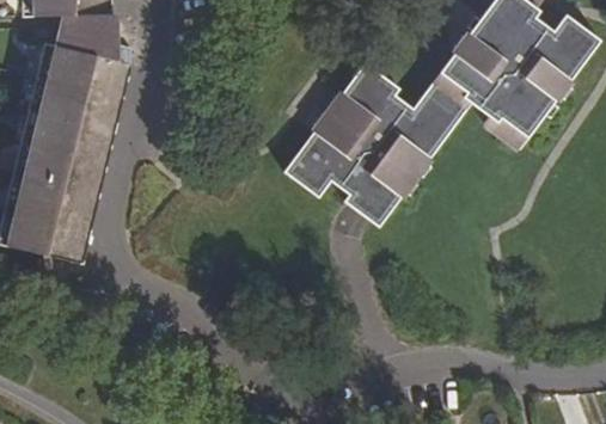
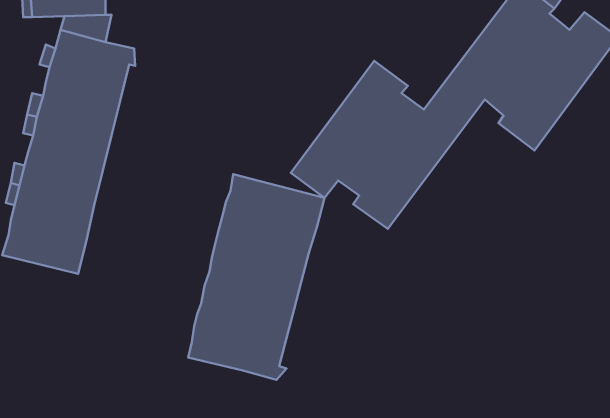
building: none -> [188,174,324,380]

